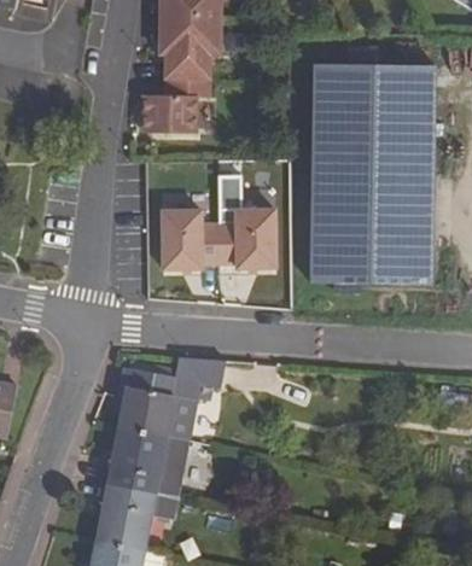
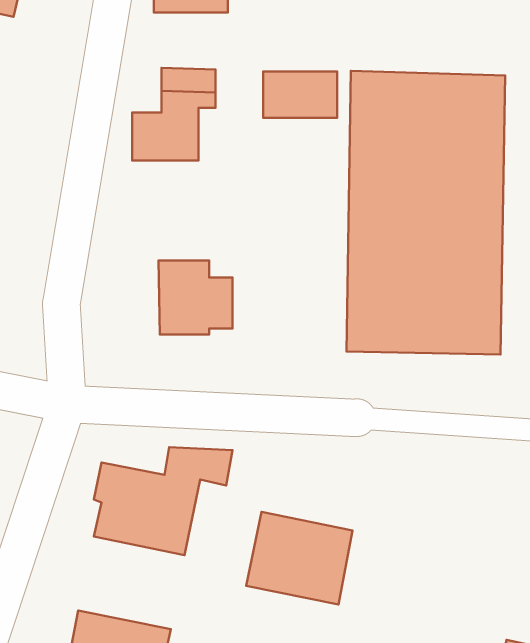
building: [161,17,218,53] -> [263,71,337,118]
building: [222,210,279,269] -> none
building: [101,427,185,500] -> [246,512,352,604]

